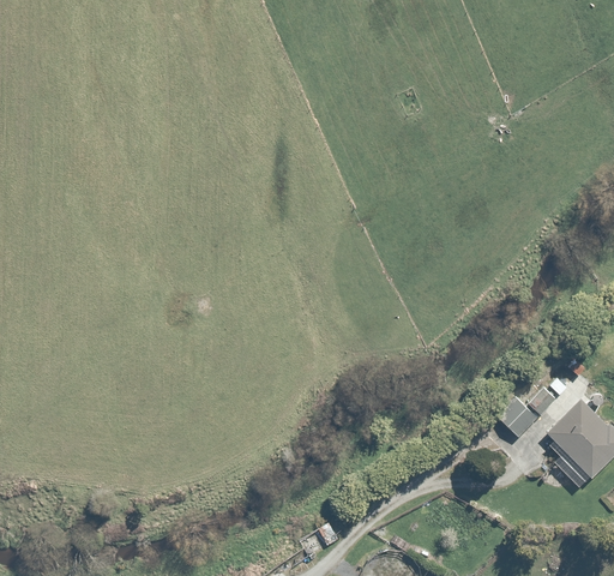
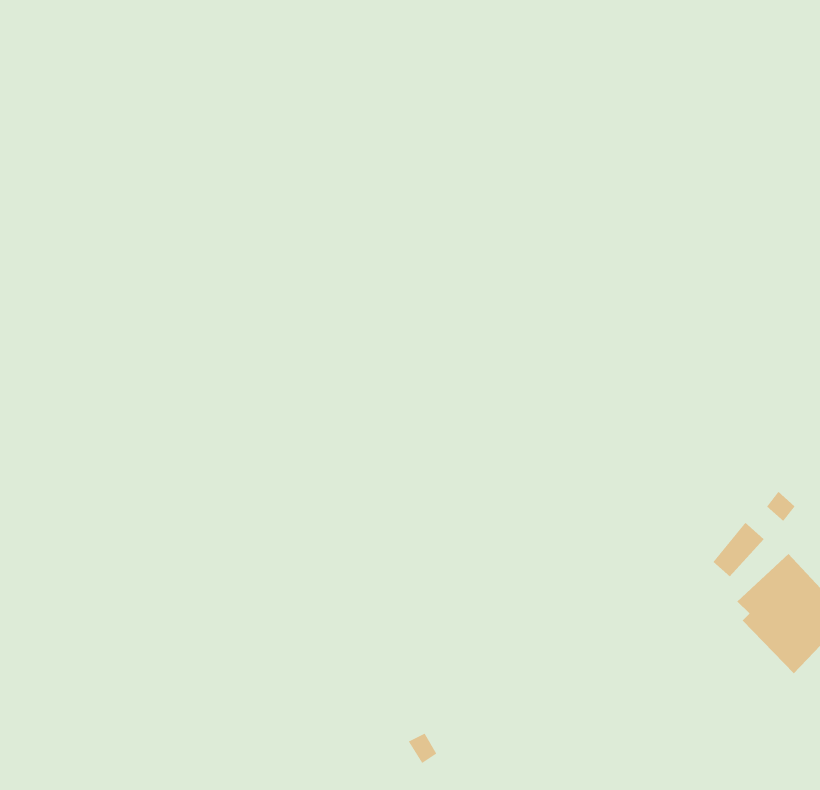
building: [496,398,537,438] -> none

